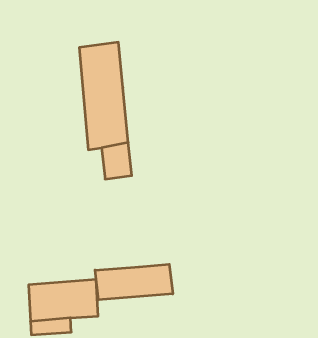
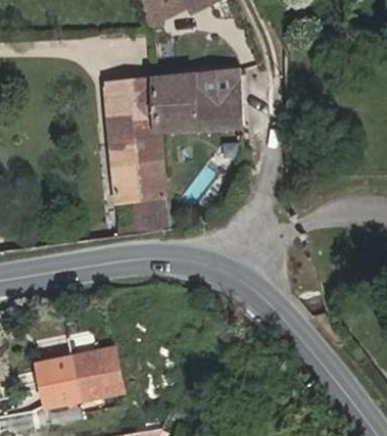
building: none -> [147,67,236,140]
building: [95,264,173,300] -> none

